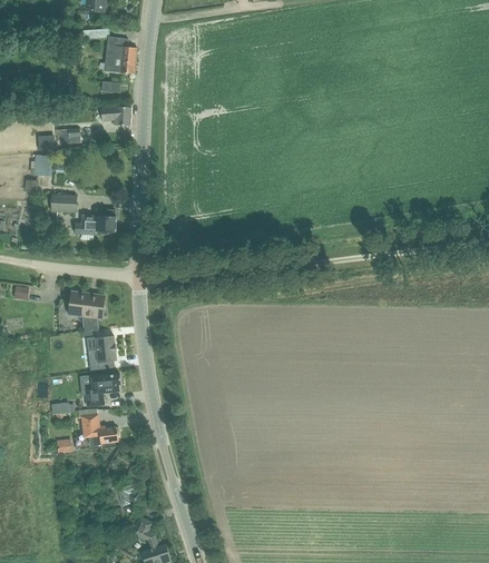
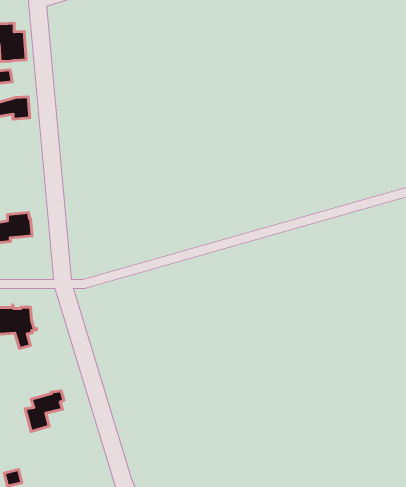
building: [87,335,116,369] -> none
building: [78,408,118,445] -> none

